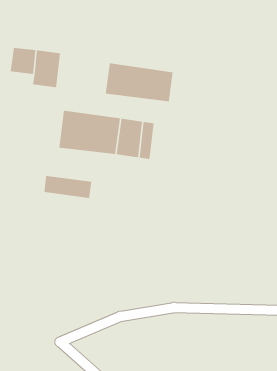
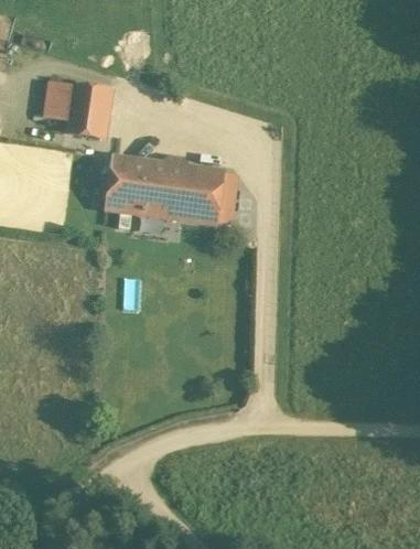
building: [105,62,173,102] -> none
building: [44,175,92,199] -> none

